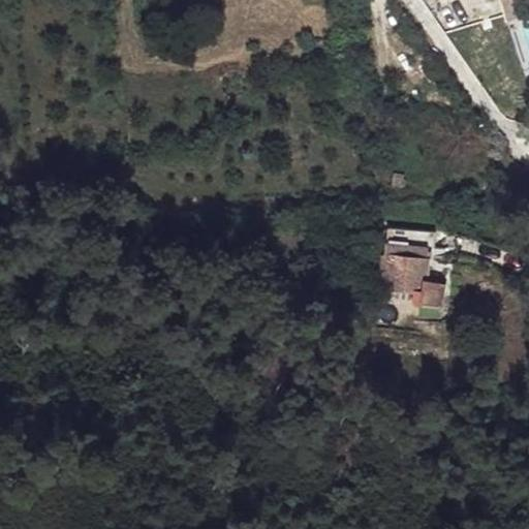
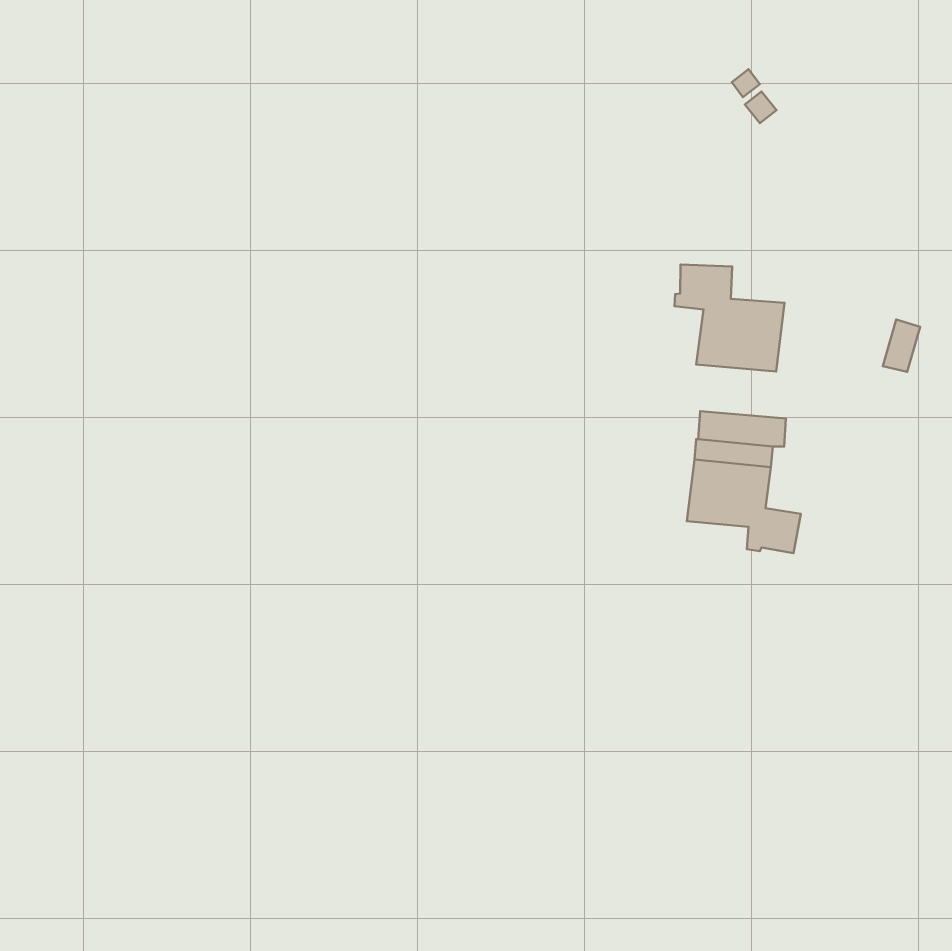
building: none -> [674,264,784,371]

